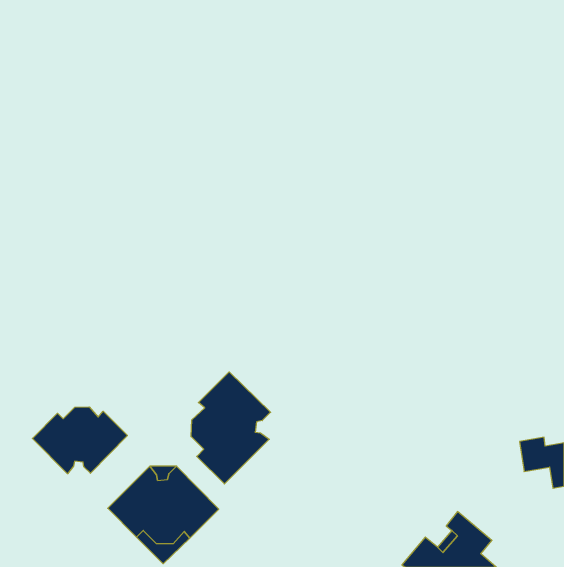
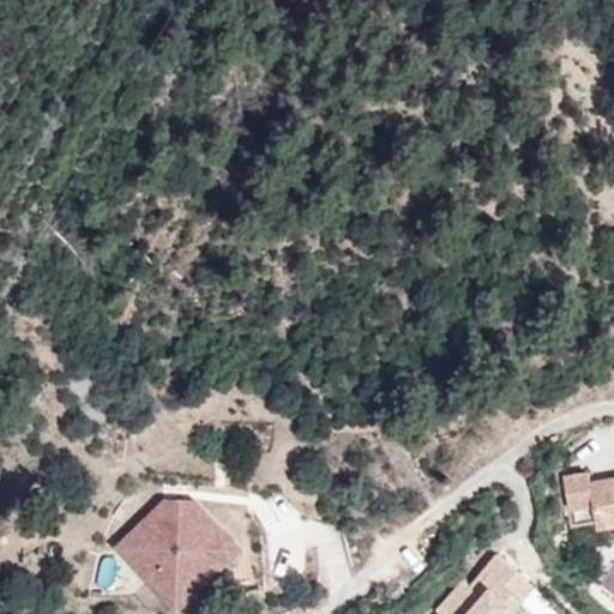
building: [191,372,271,484] -> none
building: [32,407,127,474] -> none

